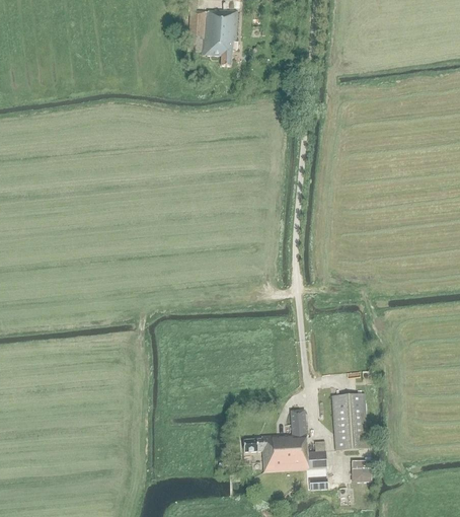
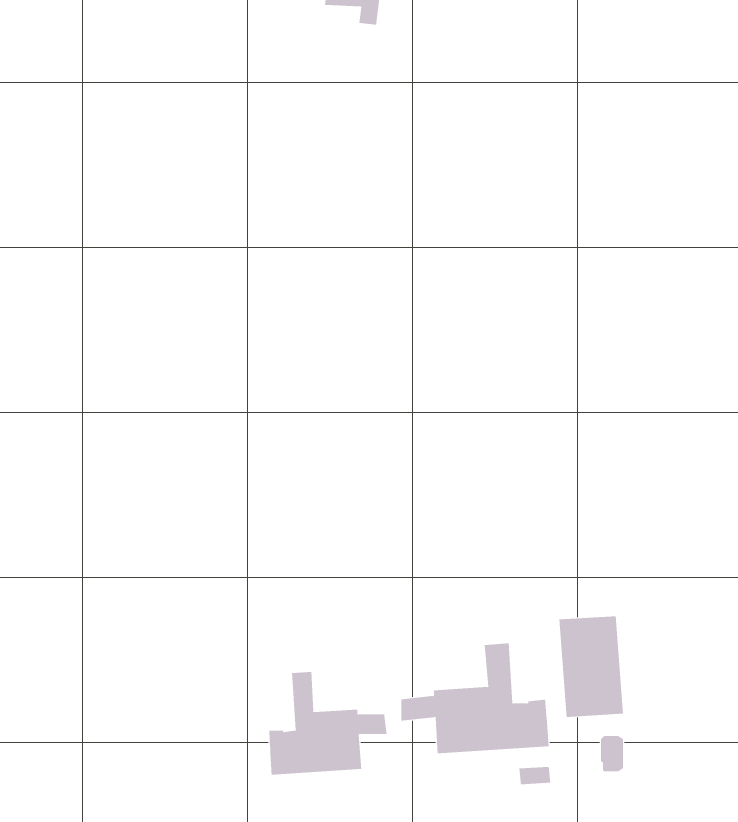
building: none -> [269,671,387,775]

